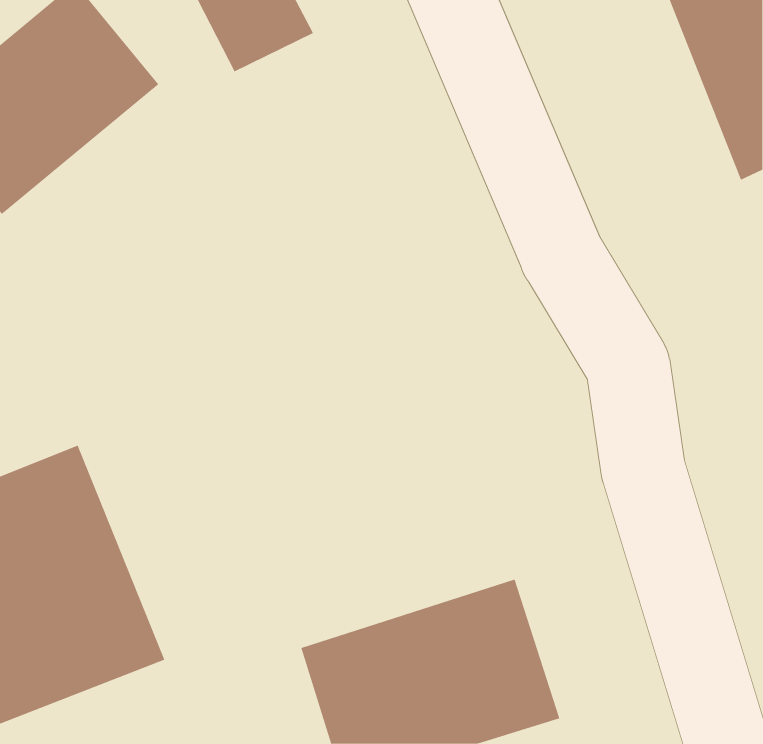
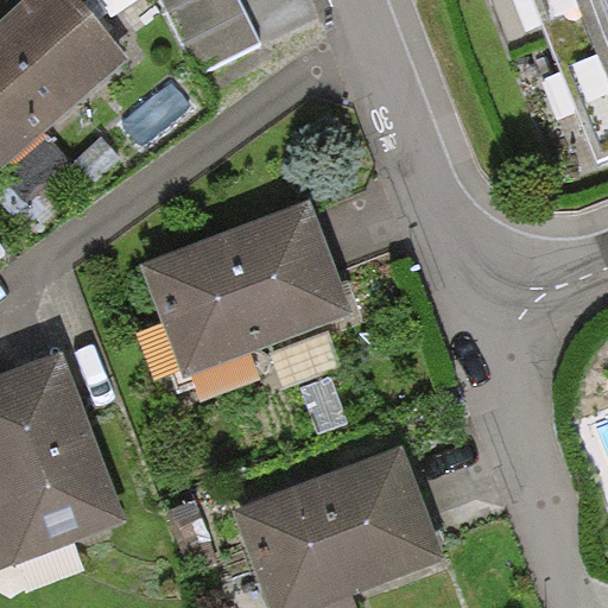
building: none -> [139,203,344,378]

